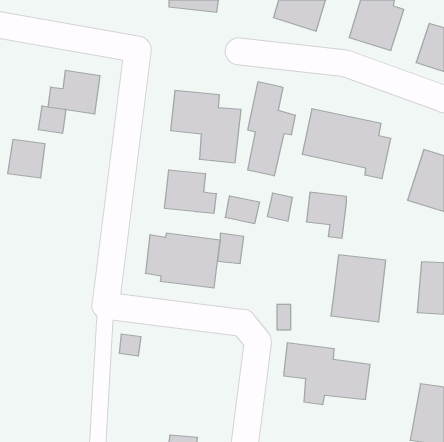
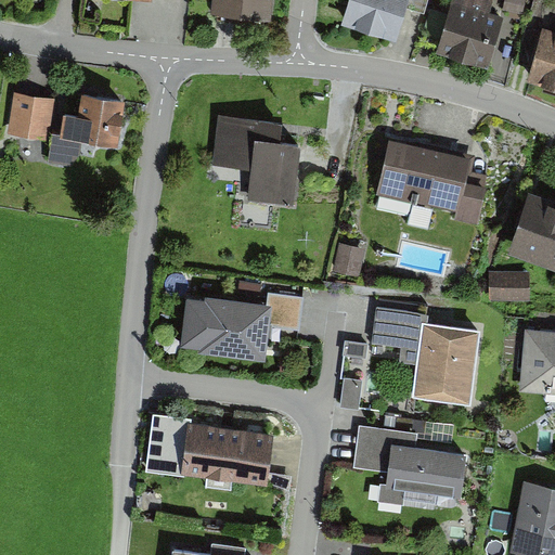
building: [248,82,295,176] -> none
building: [8,140,45,178] -> [8,93,54,141]
building: [165,170,216,213] -> none
building: [306,192,346,238] -> [372,308,422,365]
building: [225,196,259,224] -> none
building: none -> [489,272,530,300]
building: none -> [181,423,273,486]

